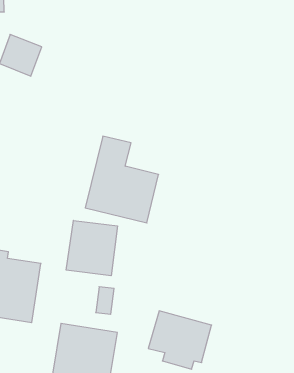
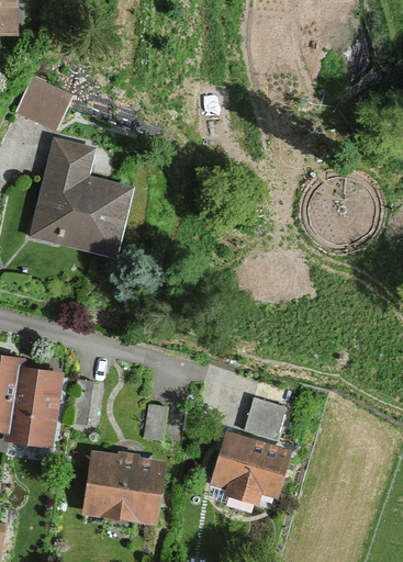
building: [85,136,159,223] -> [29,144,125,258]
building: [66,220,117,276] -> none
building: none -> [244,394,284,434]

